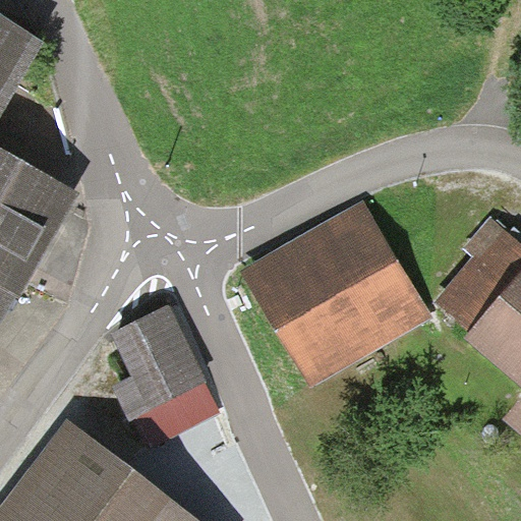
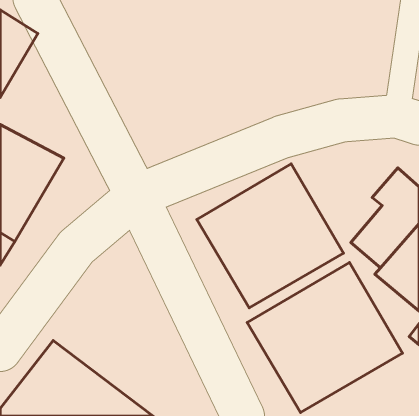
building: [102,308,219,452] -> none
building: none -> [247,262,402,412]

